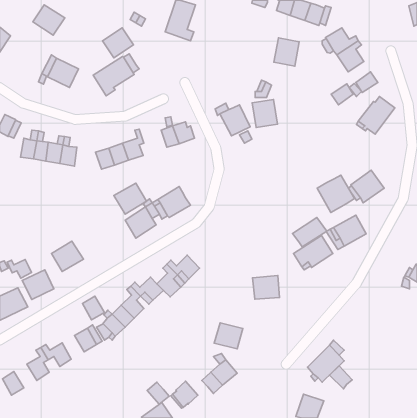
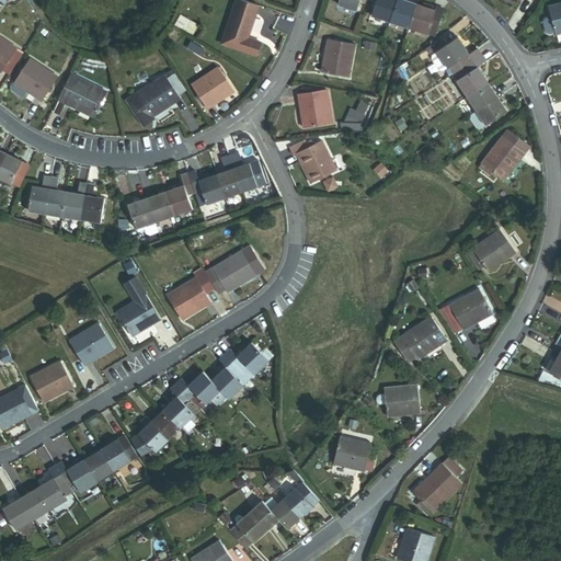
building: [33,5,65,35] -> [13,59,56,100]
building: [103,28,134,58] -> [191,68,232,108]
building: [274,38,299,66] -> [320,39,354,78]
building: [331,84,353,105] -> [467,82,496,111]
building: [252,100,278,127] -> [297,90,331,127]
building: none -> [186,170,224,204]
building: [317,175,354,212] -> none
building: [114,183,146,214] -> [115,295,159,336]
building: [292,218,327,247] -> none
building: [7,260,32,278] -> none
building: [252,276,279,299] -> [382,383,419,415]
building: [83,296,105,320] -> [83,449,113,481]
building: [214,323,243,349] -> [332,435,370,470]
building: none -> [19,488,49,519]
building: [330,366,352,389] -> none
building: [147,382,169,404] -> [249,500,278,529]

